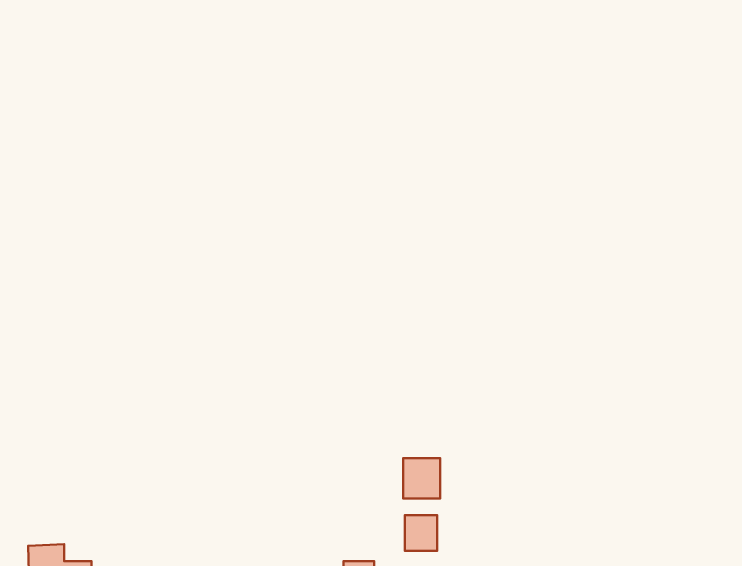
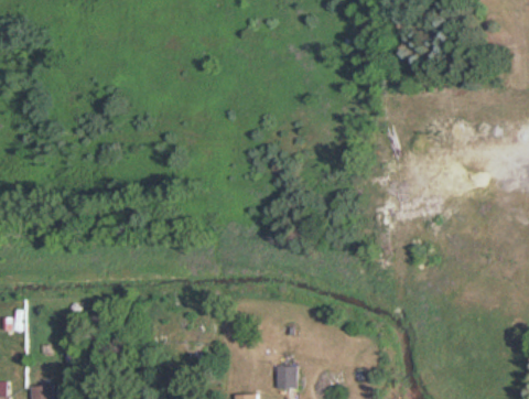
building: [403,458,440,499] -> none

